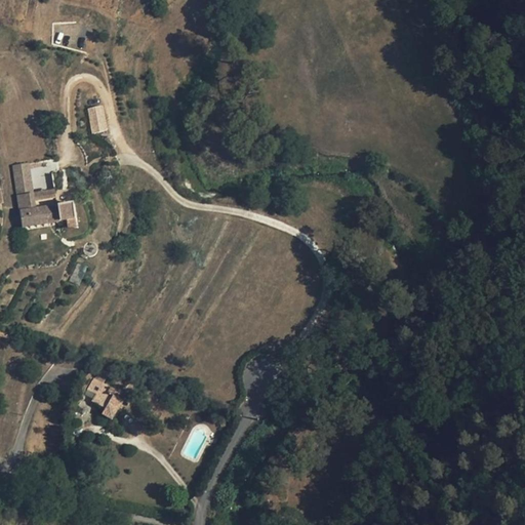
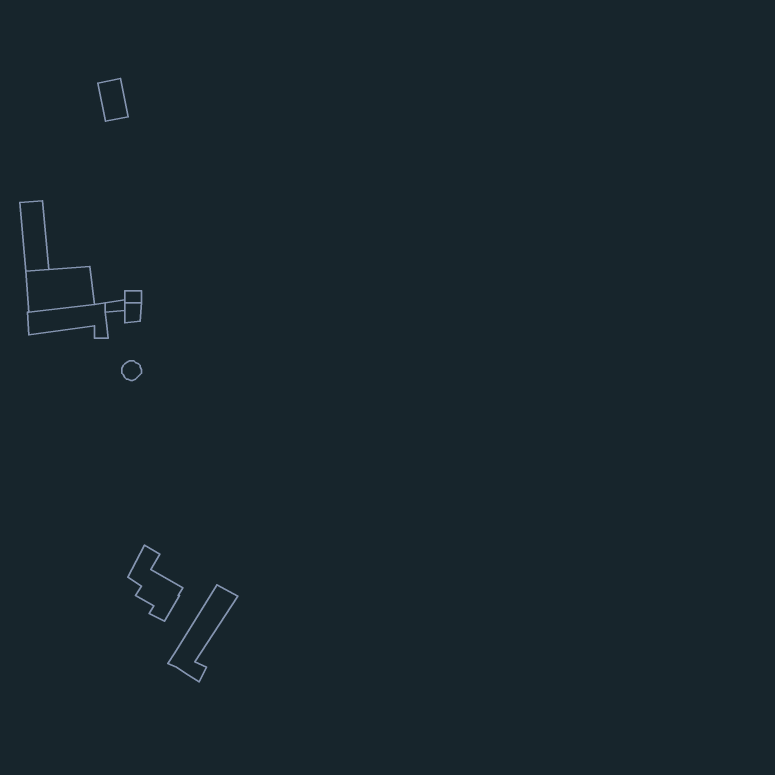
building: [85,107,106,135] -> [98,79,128,121]
building: none -> [168,585,238,682]

